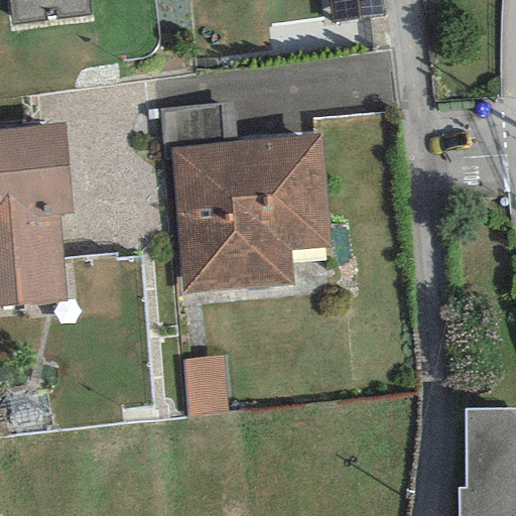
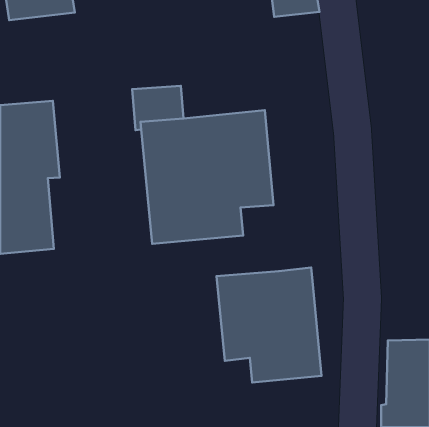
building: none -> [216,267,321,382]

